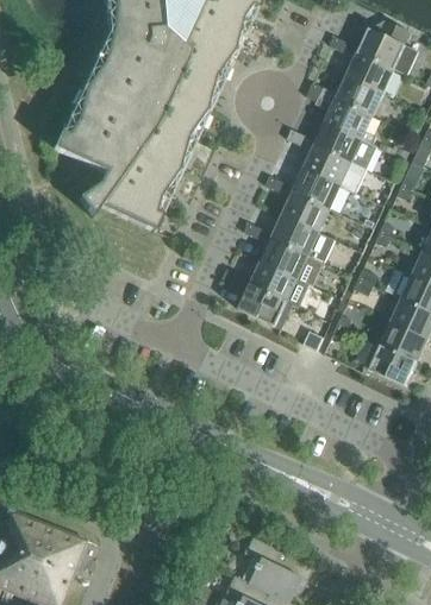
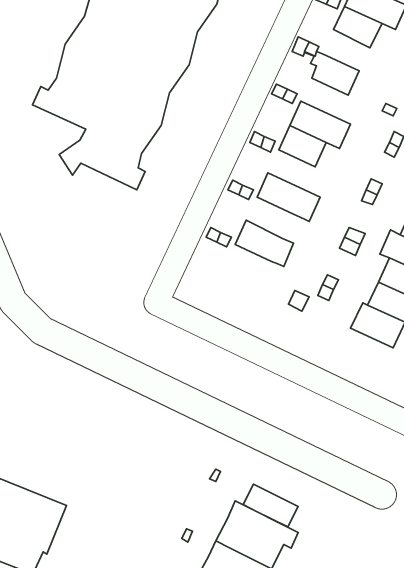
building: [336,75,382,115] -> none
building: [314,122,375,168] -> none
building: [282,193,329,232] -> none
building: [261,239,318,284] -> none
building: [238,285,292,328] -> none
building: none -> [243,484,298,527]

